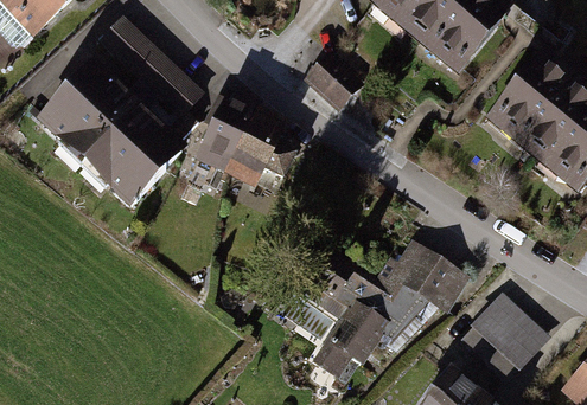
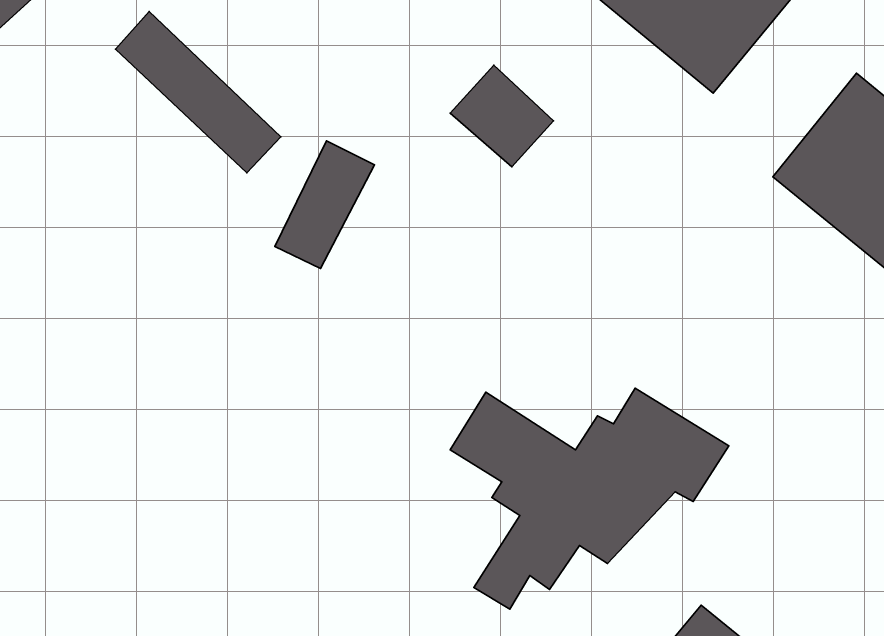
building: [42,65,181,202] -> none
building: [224,110,293,186] -> none
building: [454,301,538,385] -> none

